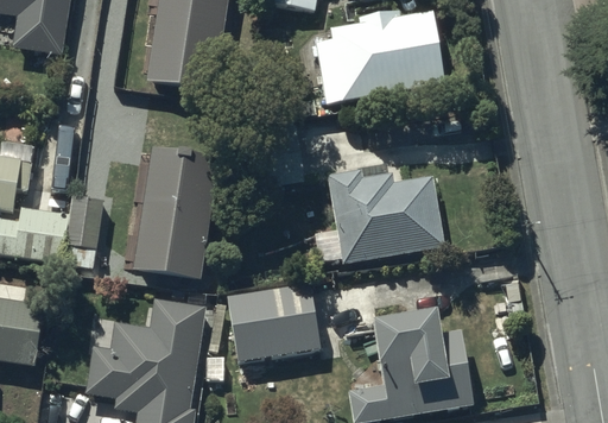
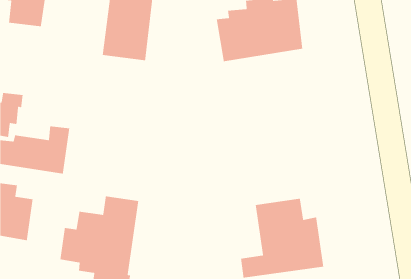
building: [135,165,221,288] -> none
building: [317,169,442,261] -> none
building: [228,283,321,366] -> none

